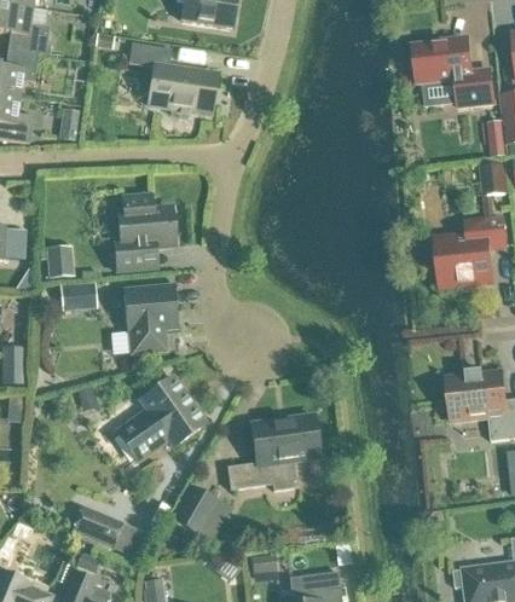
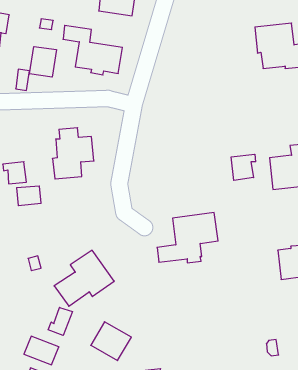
building: none -> [30,47,56,77]
building: none -> [231,154,256,180]
building: [123,285,177,352] -> none
building: [227,415,318,490] -> [157,213,218,263]
building: none -> [48,307,72,335]

